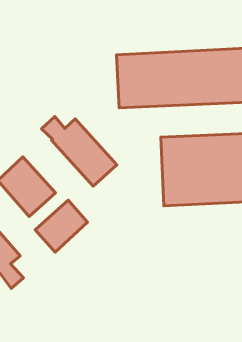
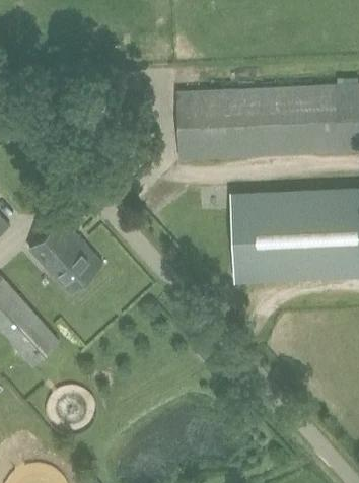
building: [41,117,117,186] -> none
building: [35,200,87,252] -> none

